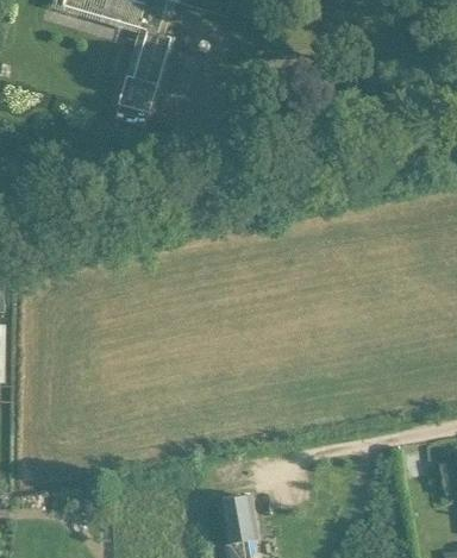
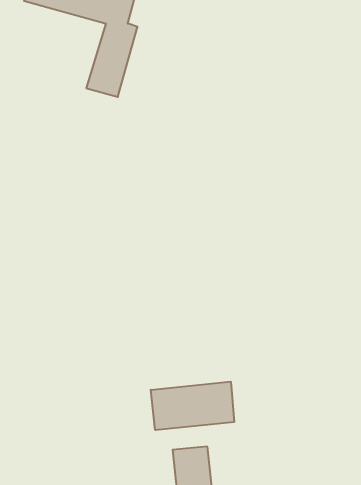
building: none -> [151,382,234,430]

